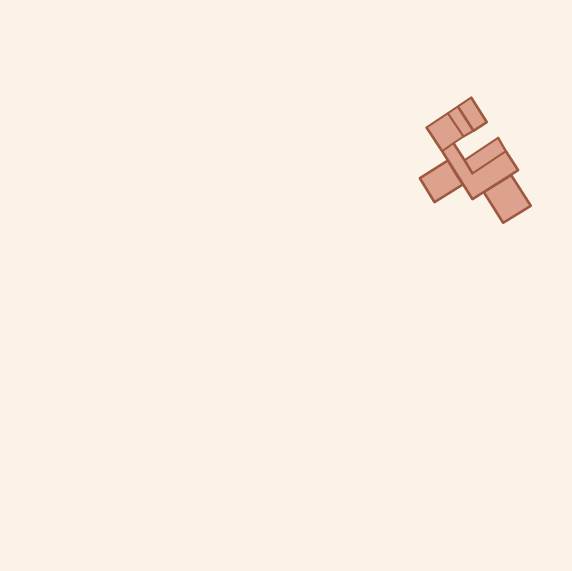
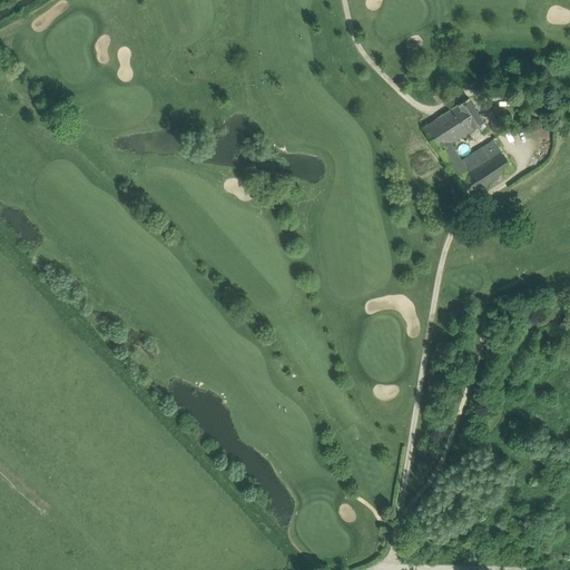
building: [420,160,463,202] -> none
building: [484,175,531,223] -> none

